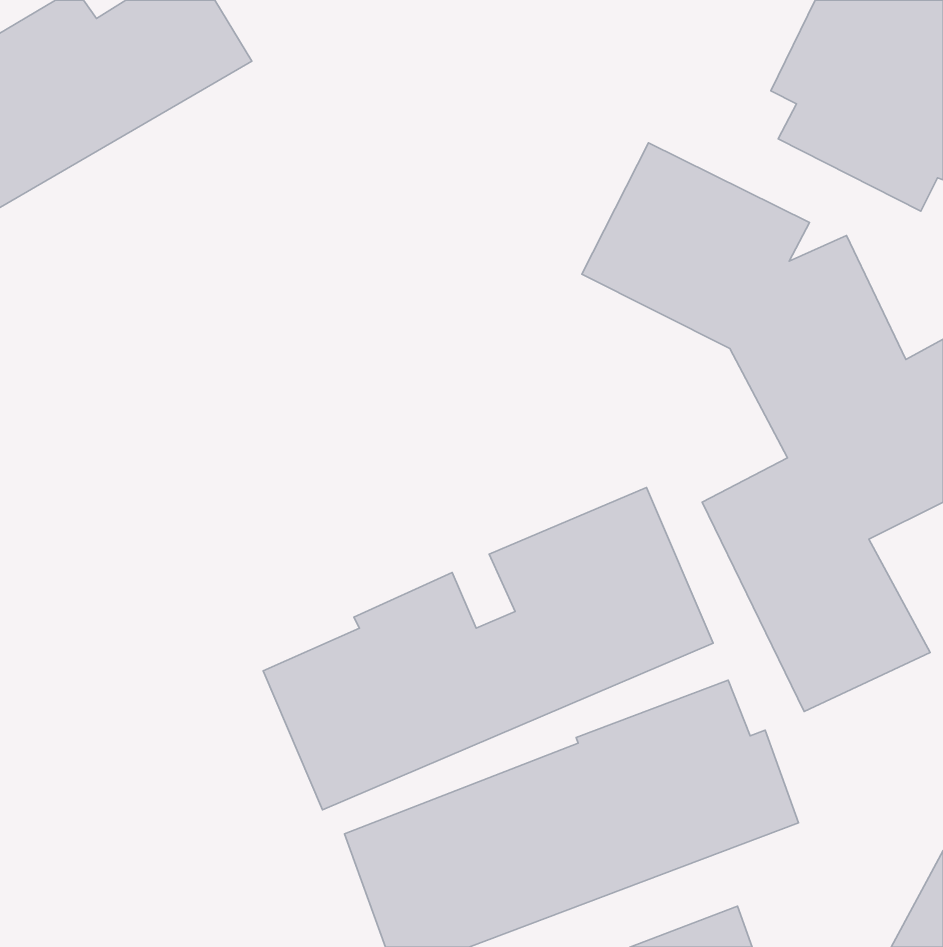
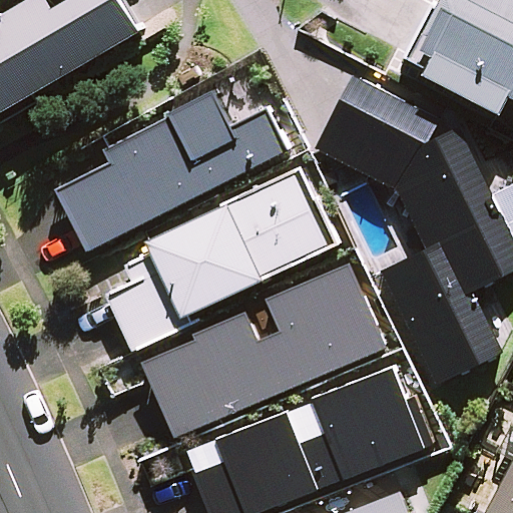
building: none -> [57,94,289,251]
building: none -> [106,172,333,352]

